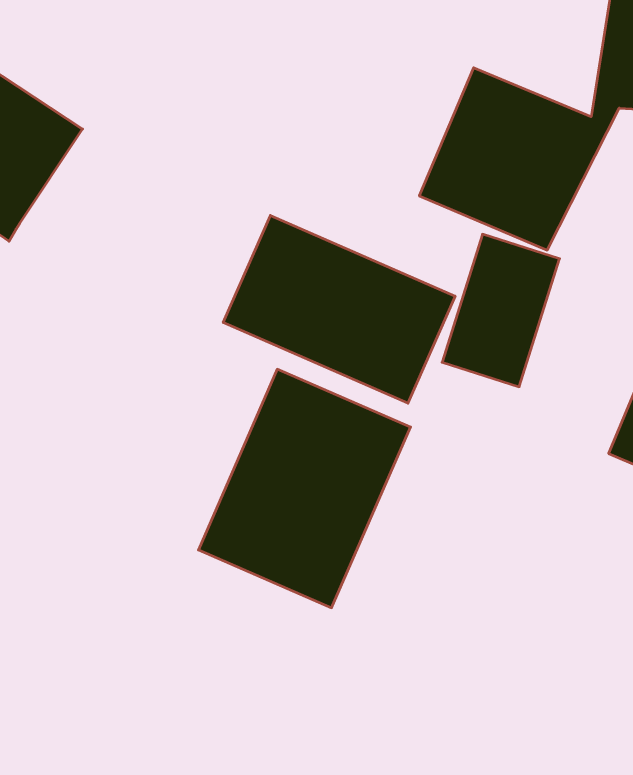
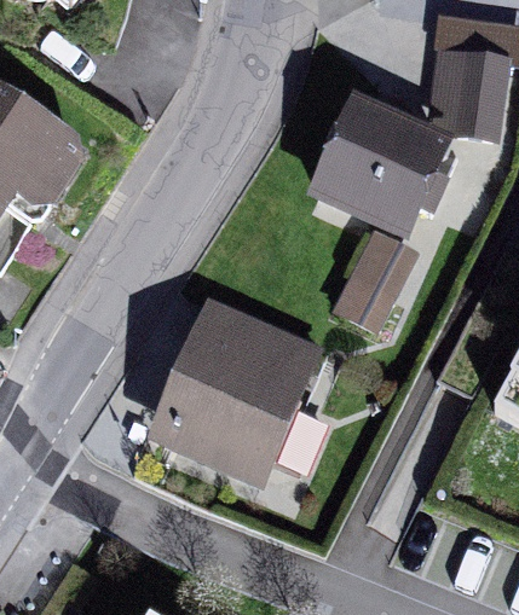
building: [223,215,455,403] -> none

